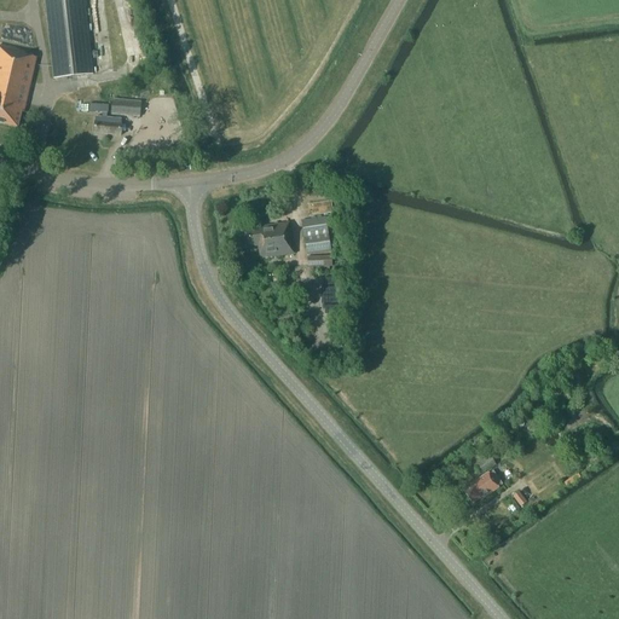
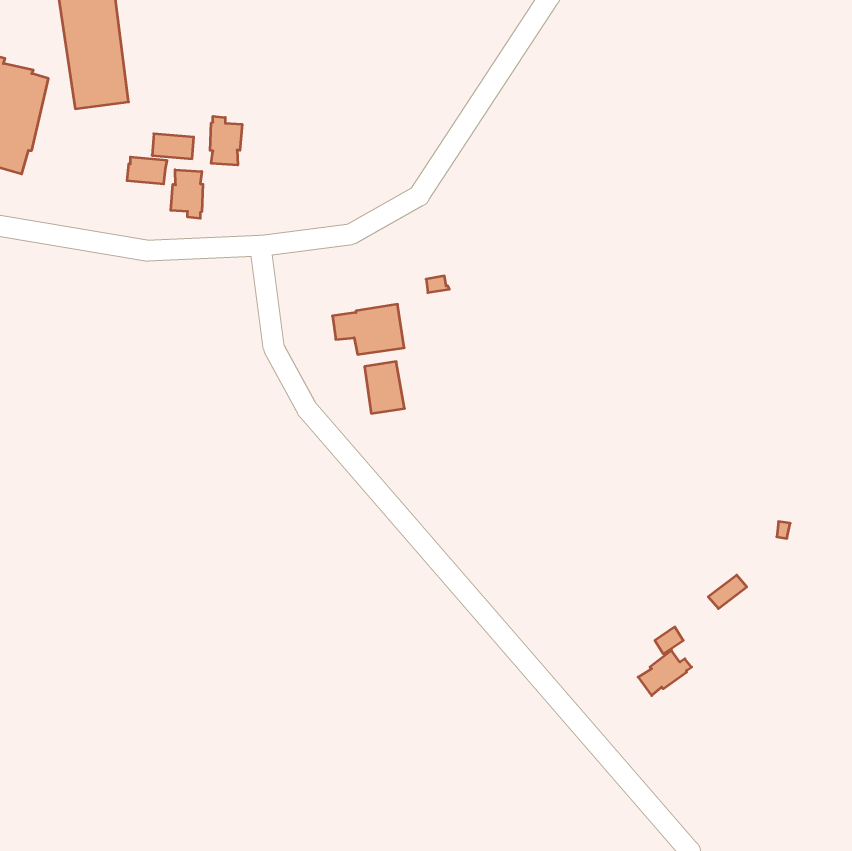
building: none -> [210,116,242,165]
building: none -> [171,170,203,218]
building: [301,216,330,254] -> [365,362,405,413]

